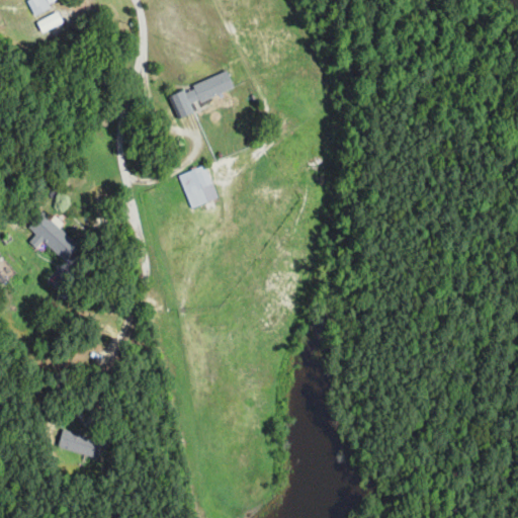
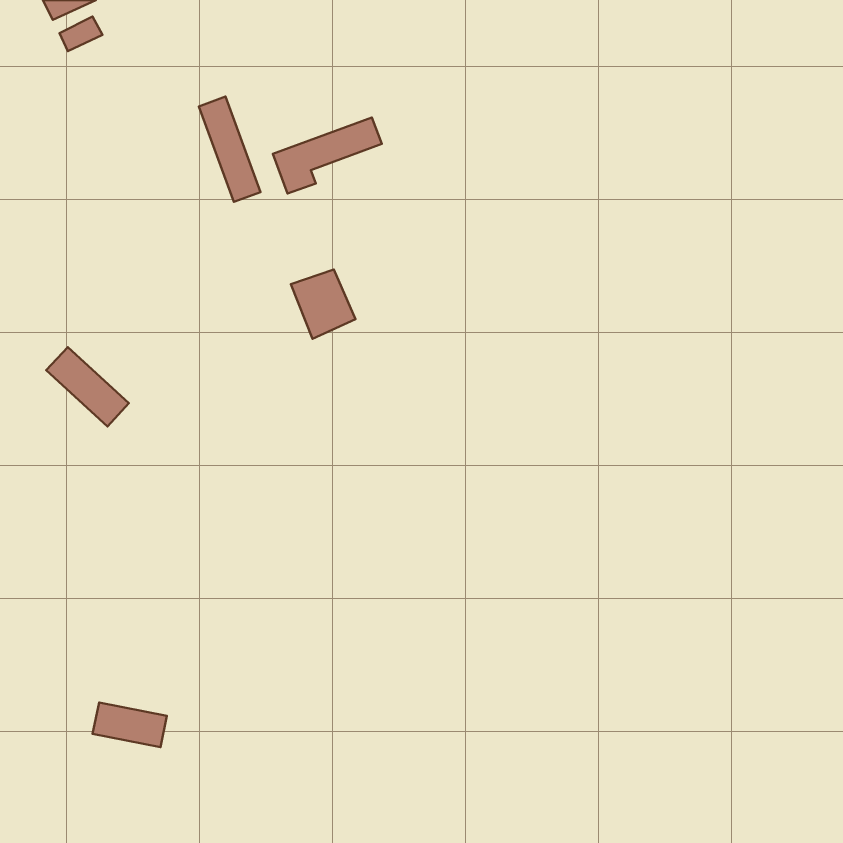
building: none -> [199,96,260,202]

